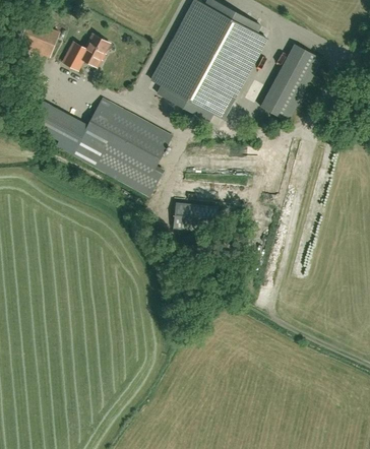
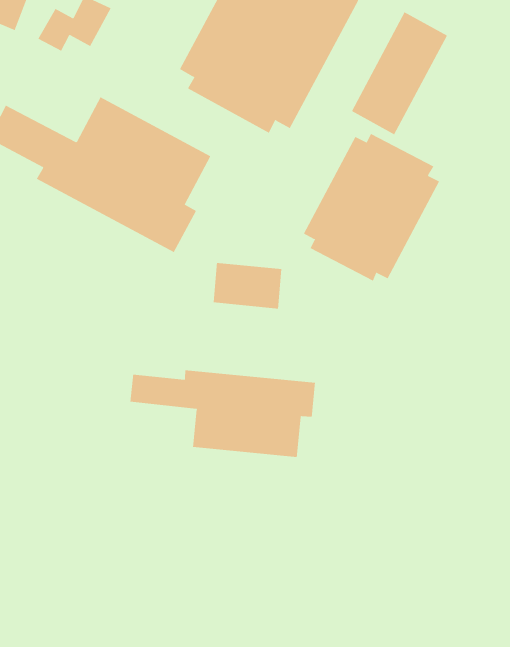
building: none -> [303,133,440,281]
building: none -> [130,369,315,458]

